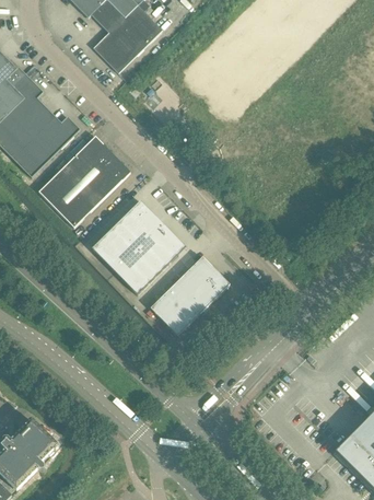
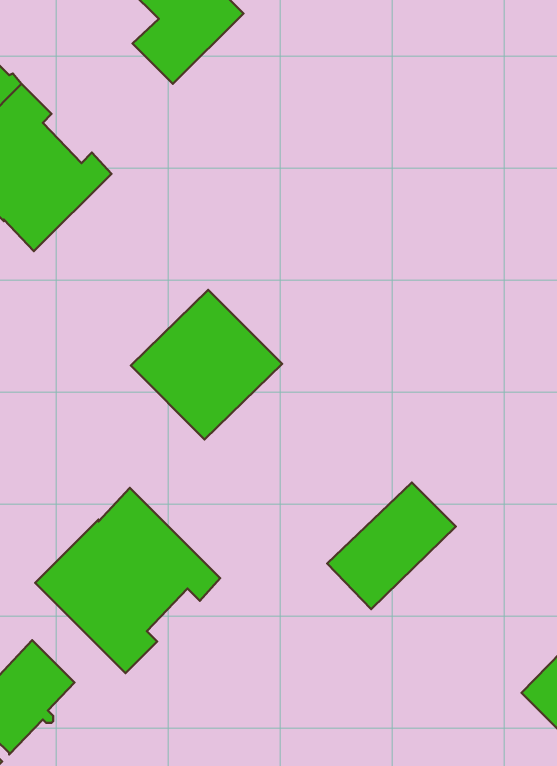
building: [39,136,130,228] -> none
building: [150,257,230,336] -> [327,482,456,609]
building: none -> [35,488,220,673]

